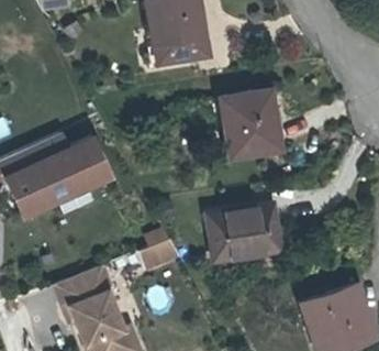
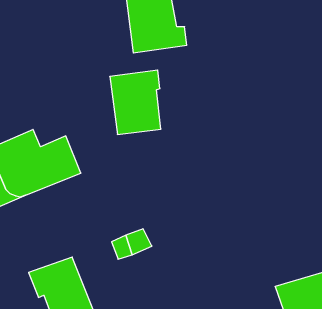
building: [227,89,279,154] -> [110,70,161,134]
building: [207,202,281,260] -> none

